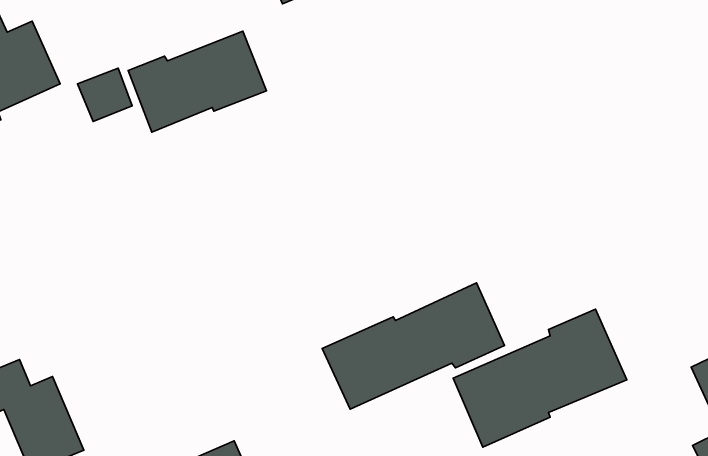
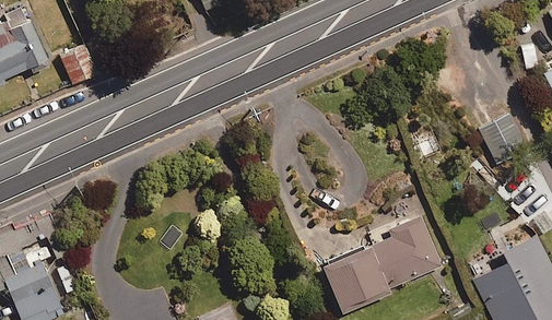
building: [128,31,266,132] -> none
building: [322,283,505,409] -> none

